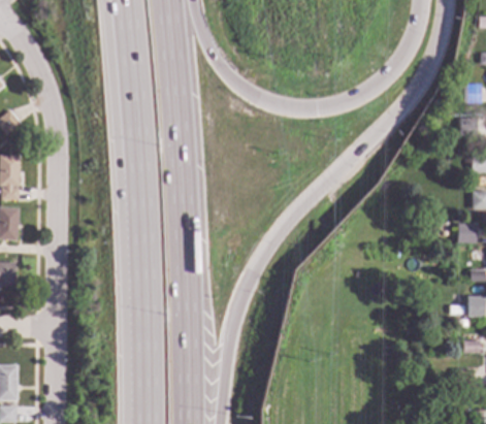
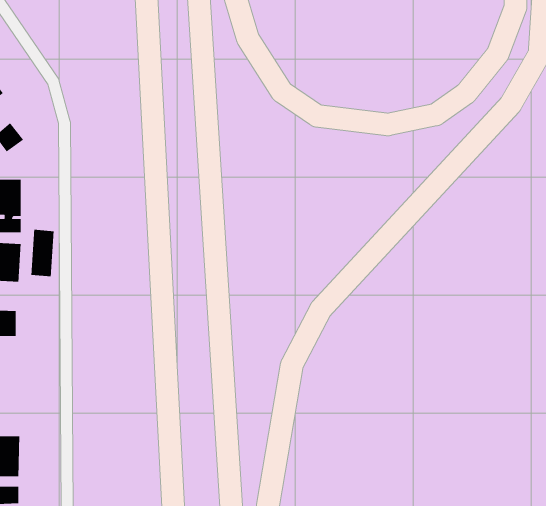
building: none -> [30,229,55,277]

